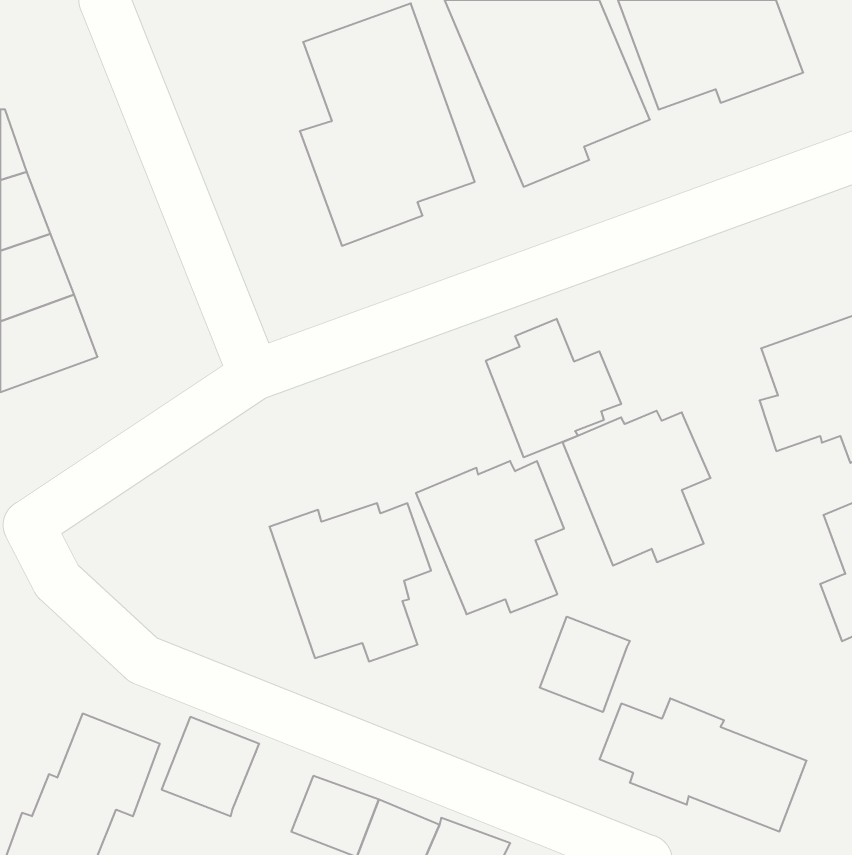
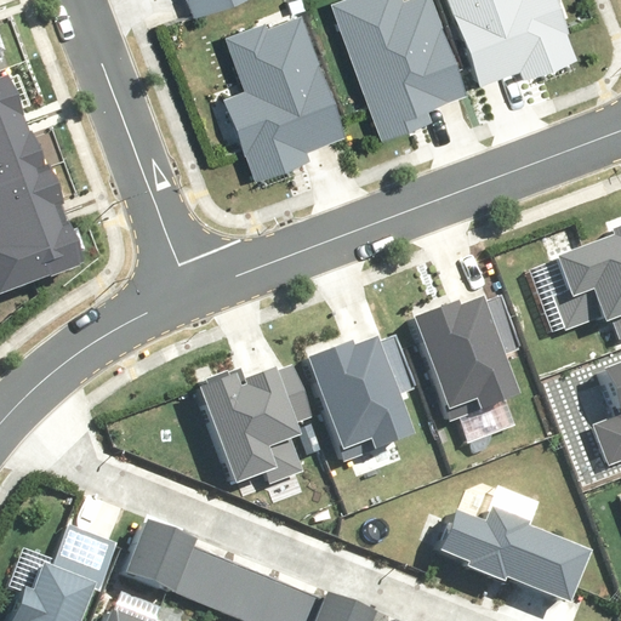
building: [486,319,621,457] -> none
building: [540,617,630,712] -> none
building: none -> [173,546,232,603]

